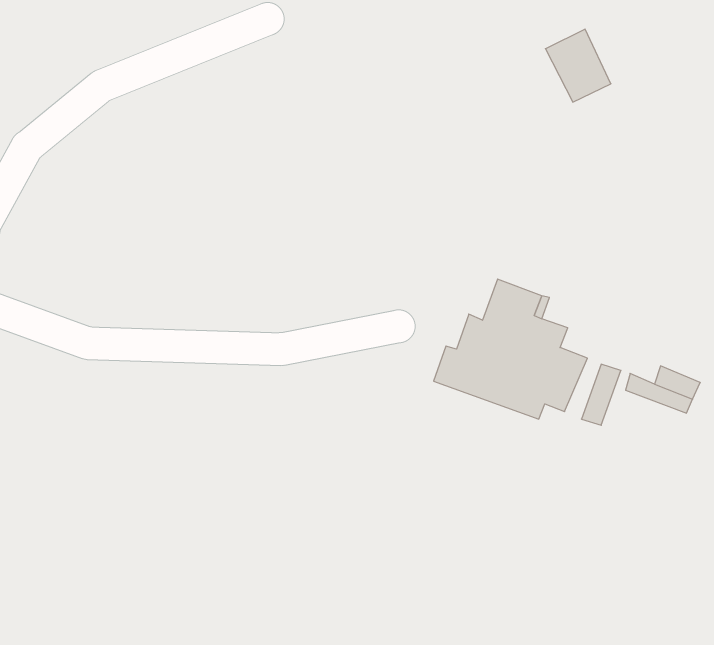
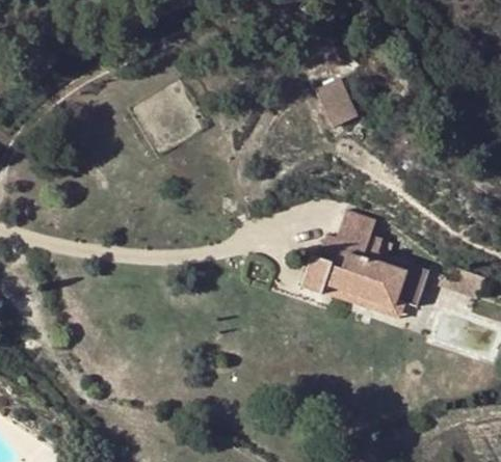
building: [545,29,611,102] -> [315,77,360,127]
building: none -> [300,263,419,319]

